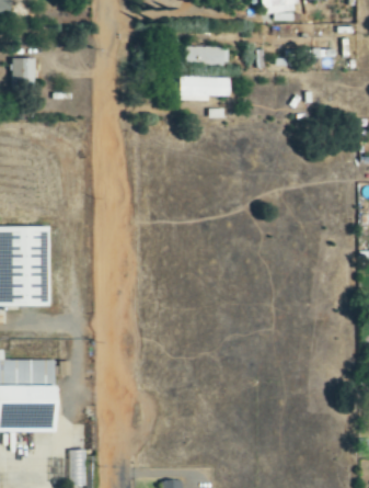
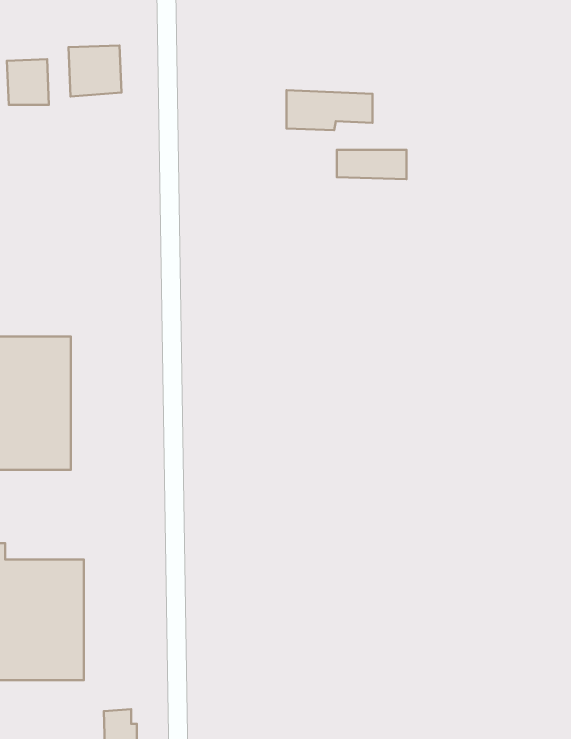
building: [186,47,228,65] -> [337,150,406,179]
building: none -> [68,45,121,96]

